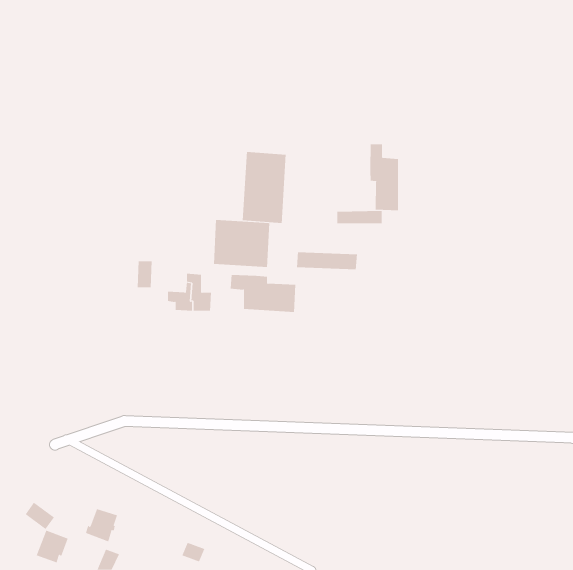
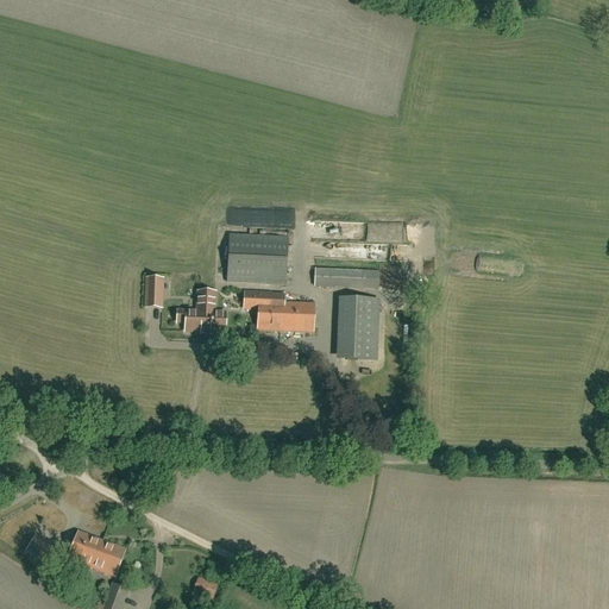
building: [370,143,398,211] -> none
building: [242,151,286,224] -> none
building: none -> [346,297,378,359]
building: [36,530,68,563] -> [68,530,102,566]

